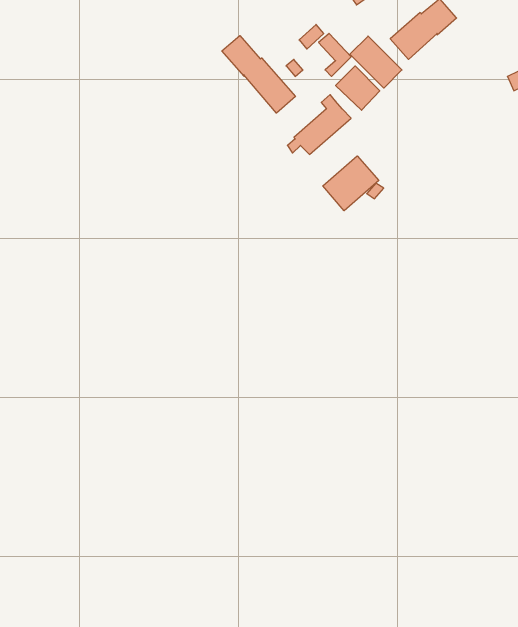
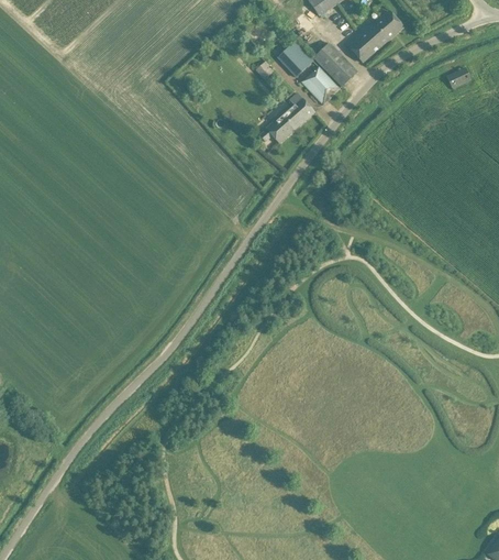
building: [222,36,295,113] -> none
building: [323,156,379,211] -> none

